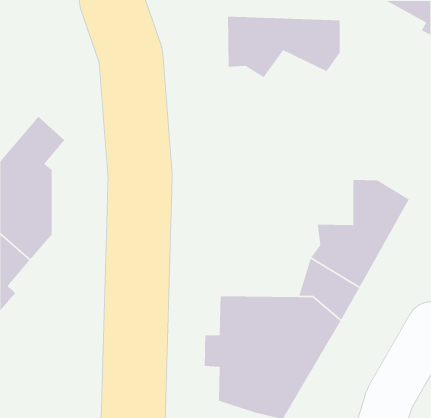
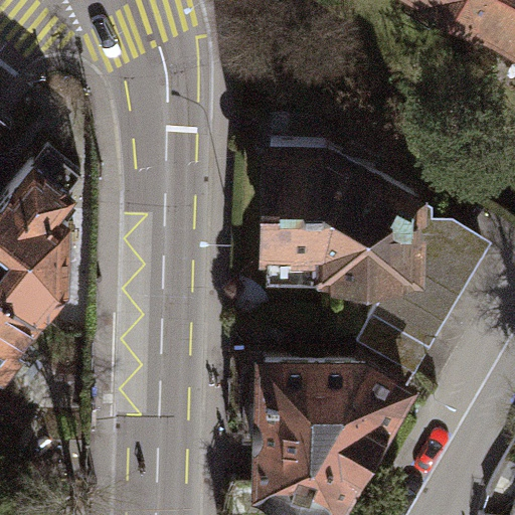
building: [227,16,341,78] -> none
building: none -> [265,153,419,284]

